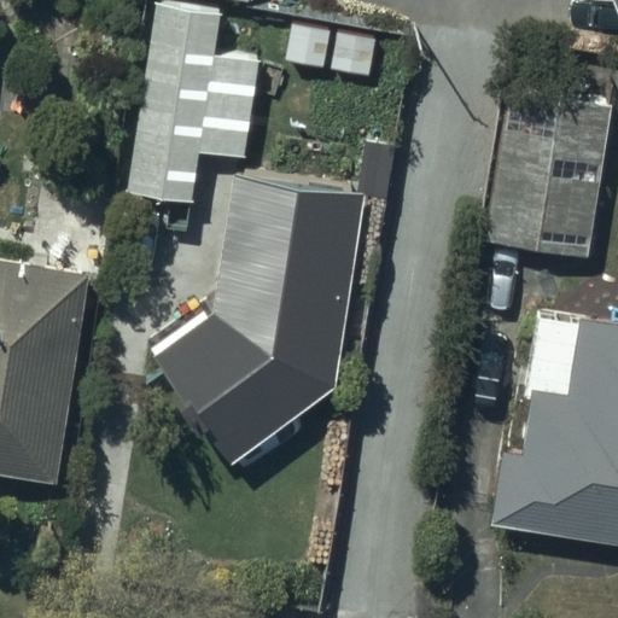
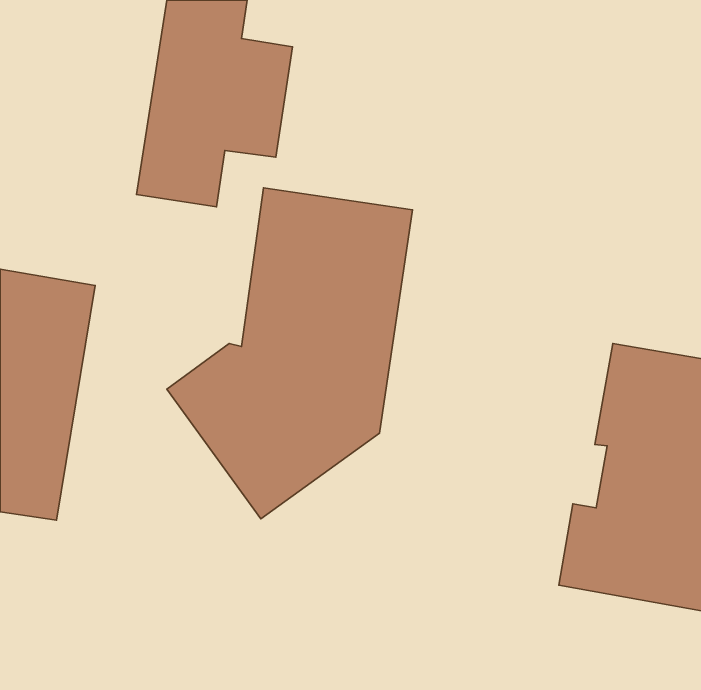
building: [482,95,610,264] -> none

